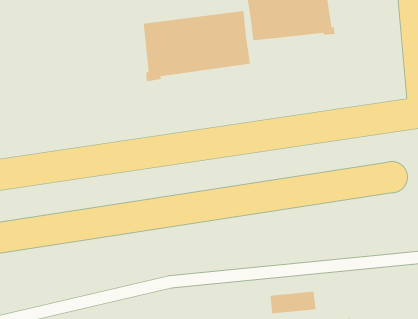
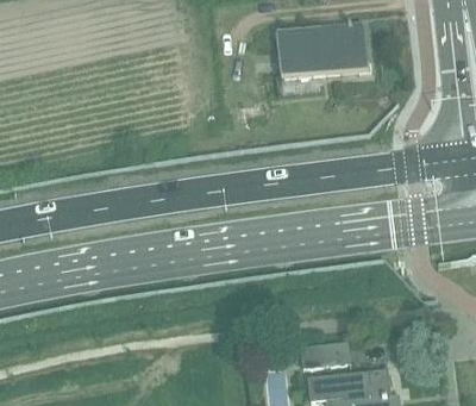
building: [143,10,251,82] -> none

